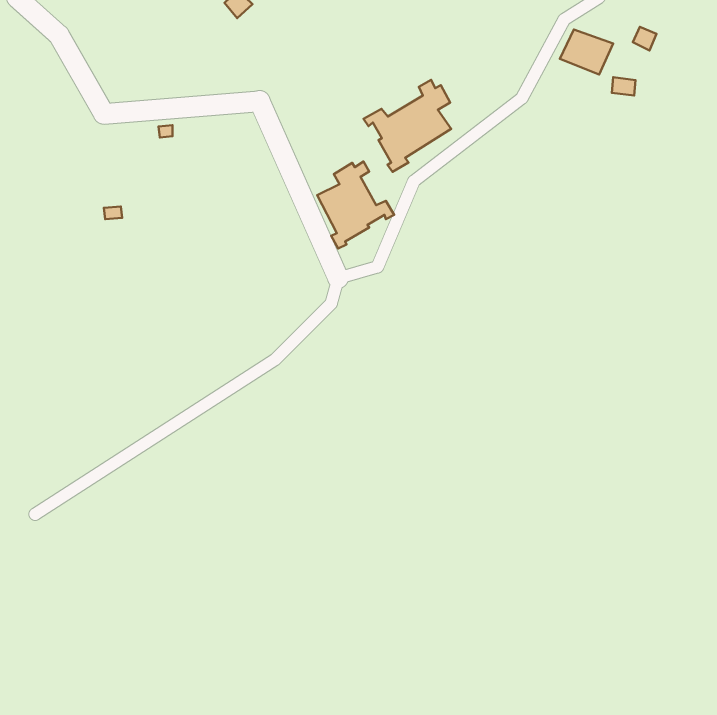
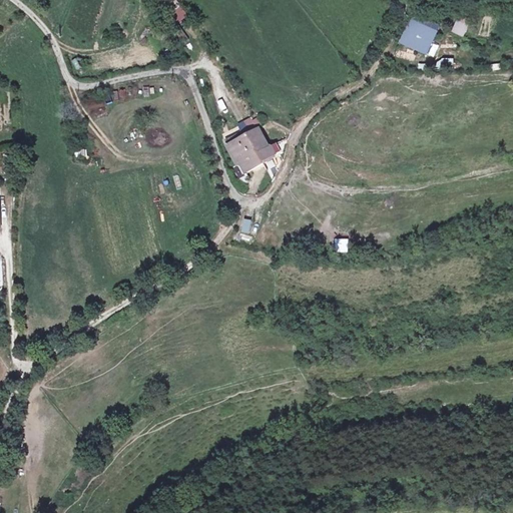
building: [364,80,451,172] -> none

